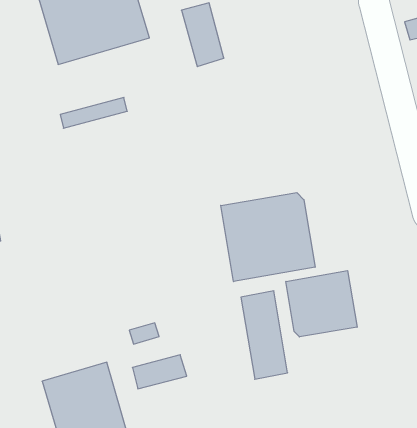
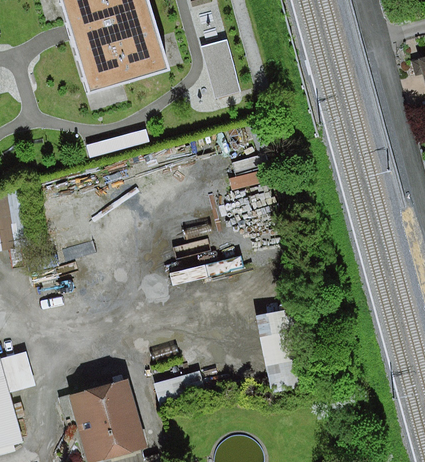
building: [221,193,315,282] -> none
building: [286,271,357,337] -> none

